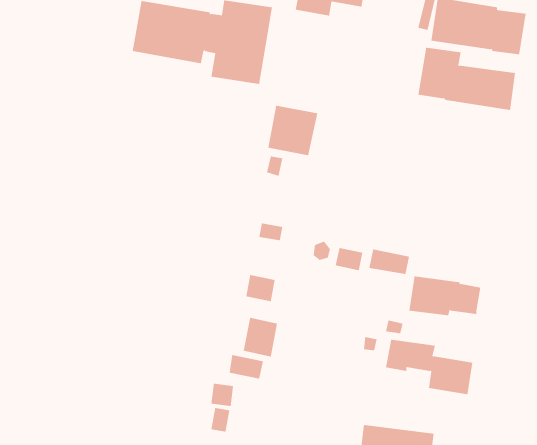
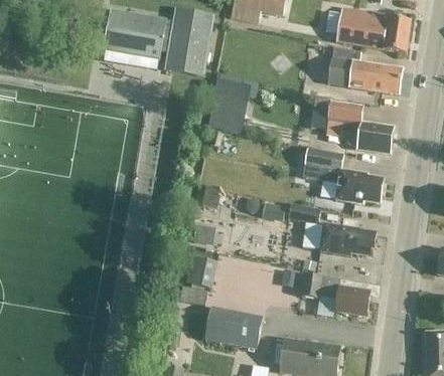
building: none -> [326,101,394,152]
building: none -> [303,148,385,202]
building: none -> [204,305,262,348]

